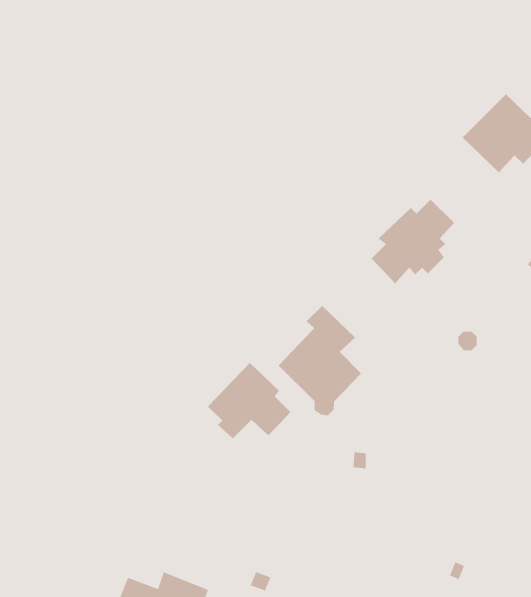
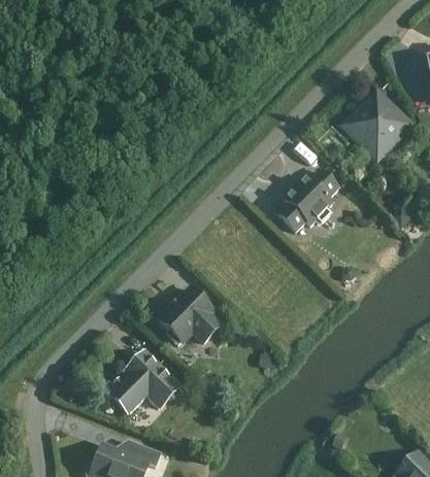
building: [278,305,362,416] -> none
building: none -> [107,350,179,413]

